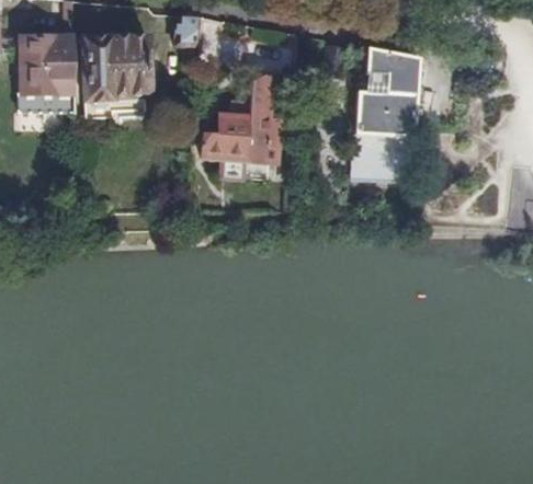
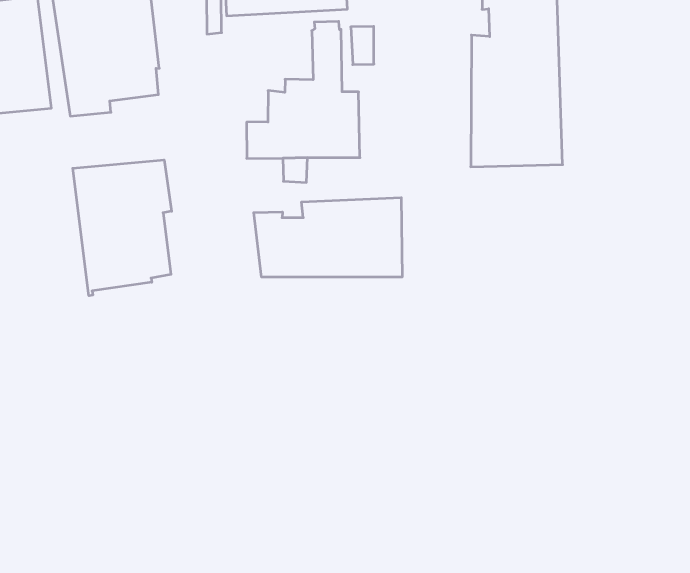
building: none -> [73,160,172,296]
building: none -> [254,198,402,277]

